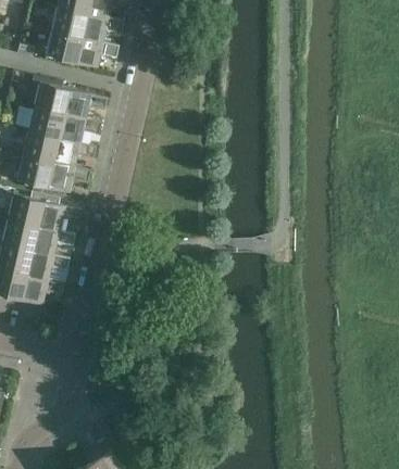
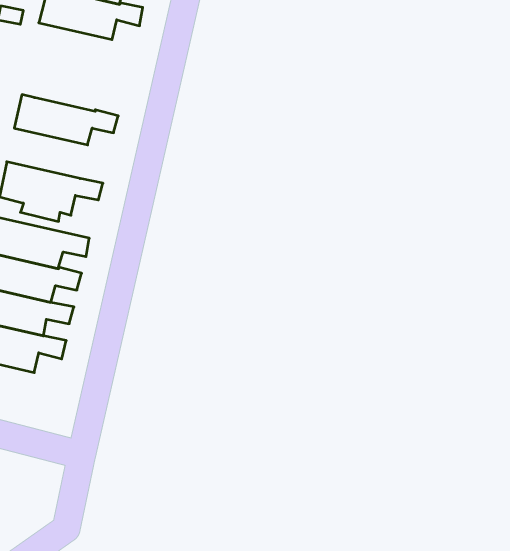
building: [32,81,105,118] -> none
building: [21,130,95,166] -> none

